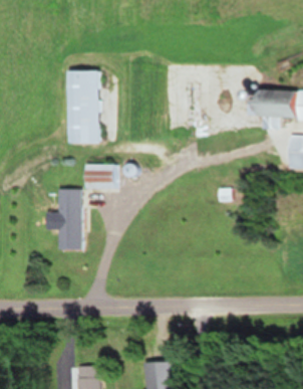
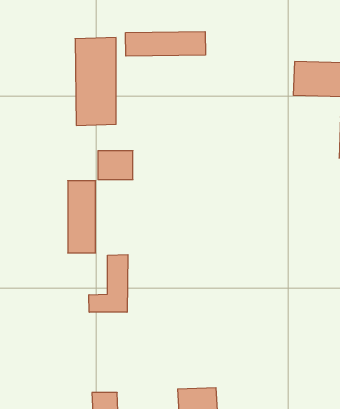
building: none -> [126,32,205,56]
building: none -> [89,255,128,312]

